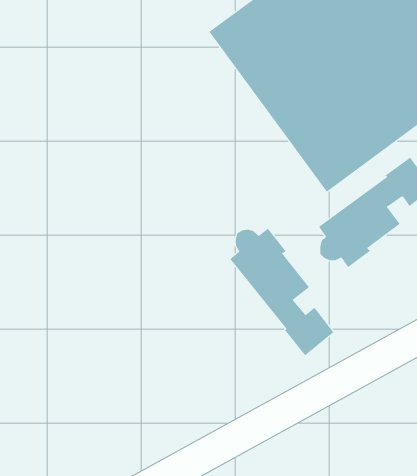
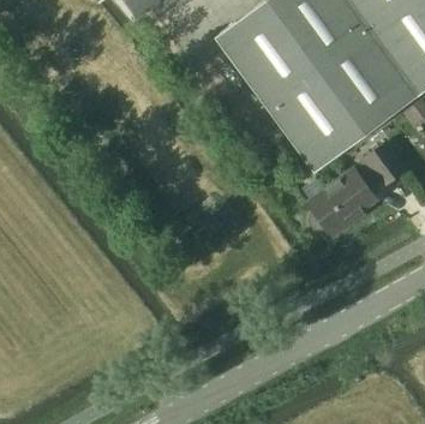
building: [230,228,334,356] -> none

